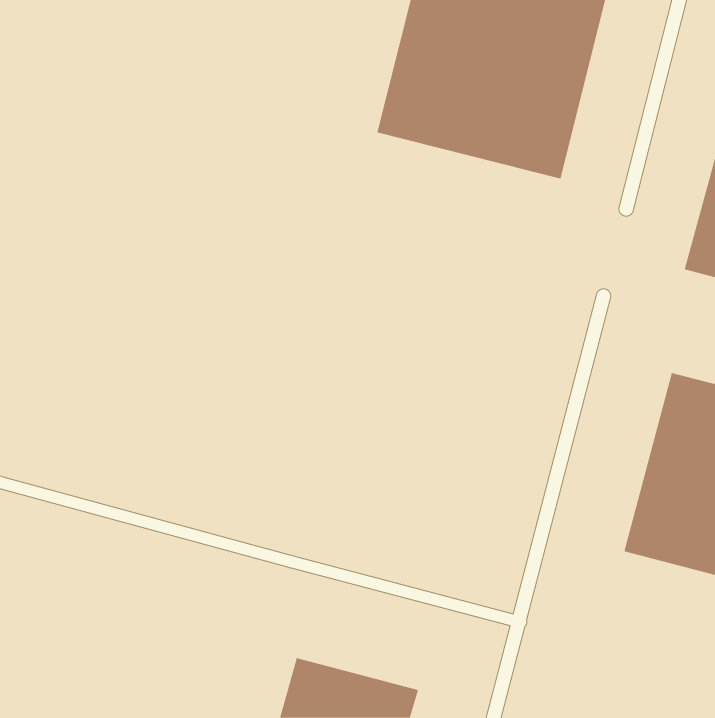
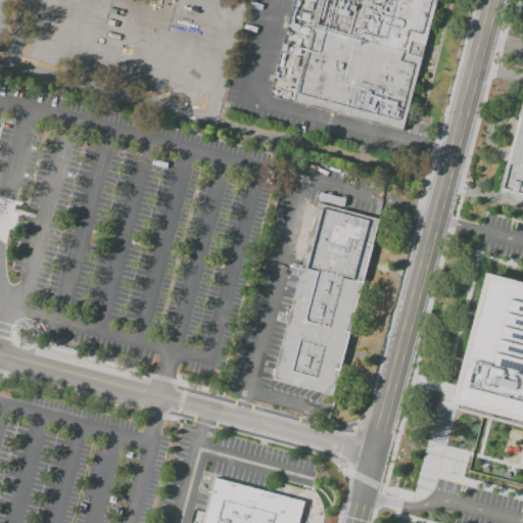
building: none -> [272,204,378,397]

